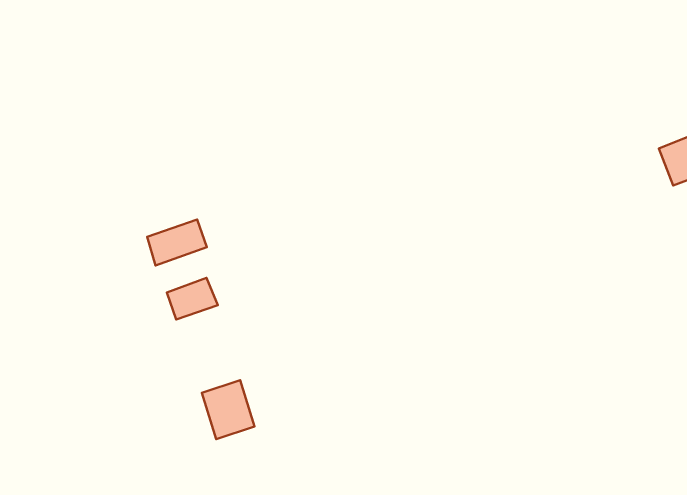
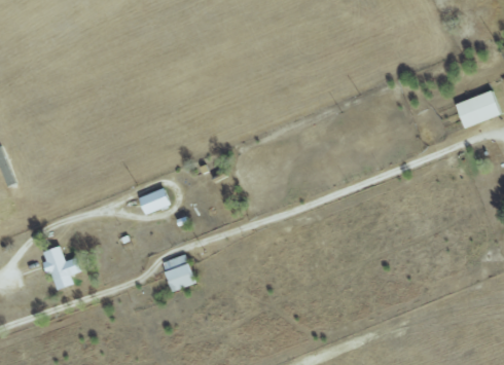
building: [147,220,207,266] -> none
building: none -> [42,246,81,290]

